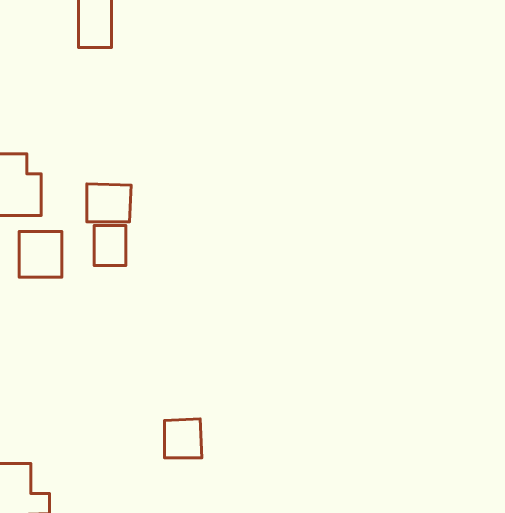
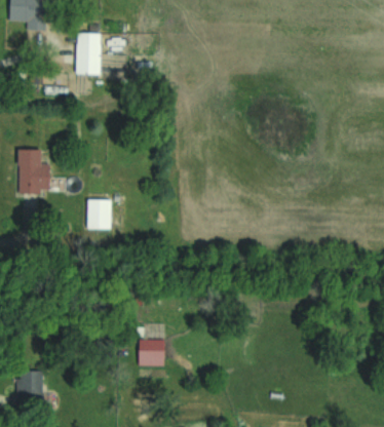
building: [87,184,131,222] -> none
building: [19,232,62,277] -> none

